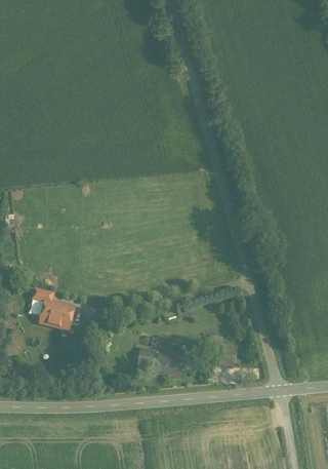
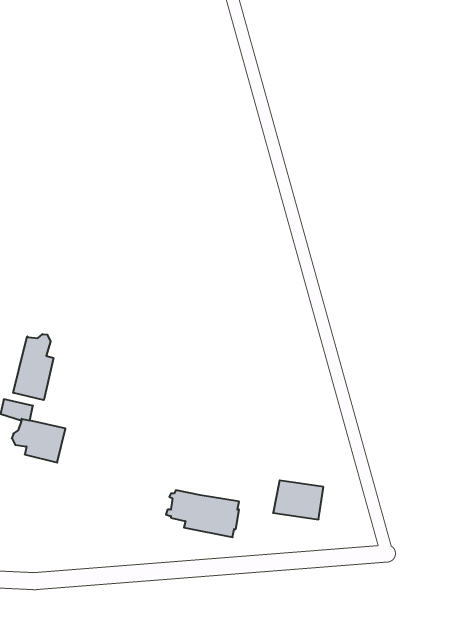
building: none -> [13,334,53,400]

